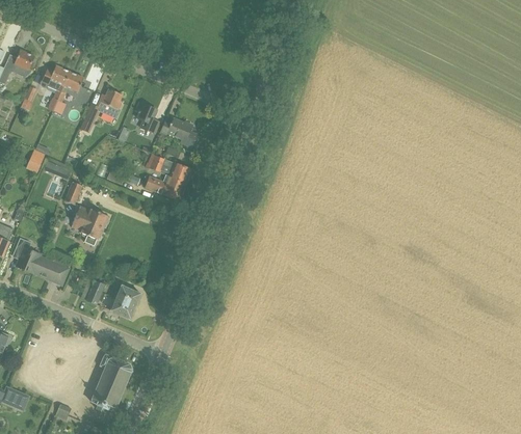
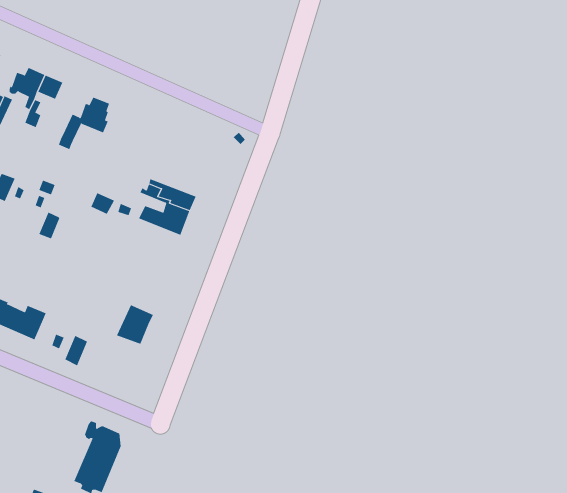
building: [134,102,158,133] -> none
building: [159,118,196,146] -> none
building: [71,205,105,246] -> none
building: [109,286,139,318] -> [116,304,154,344]

